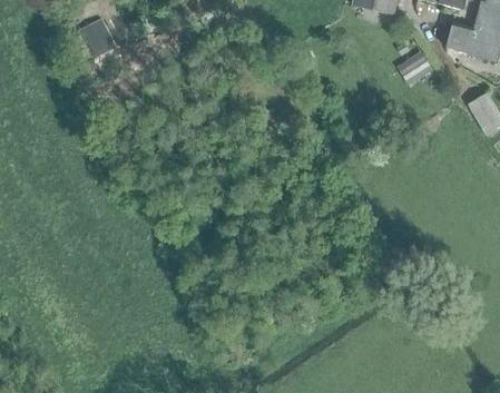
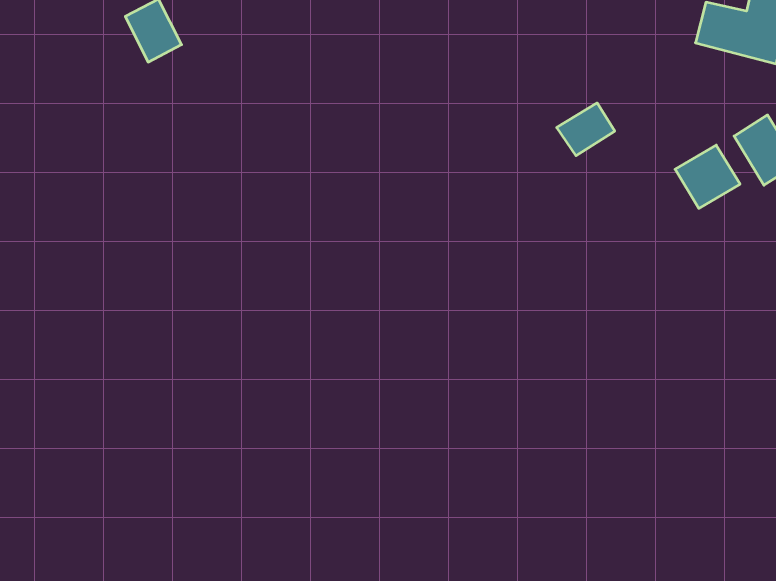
building: [398,51,434,85] -> [557,103,615,156]
building: none -> [675,145,740,208]

